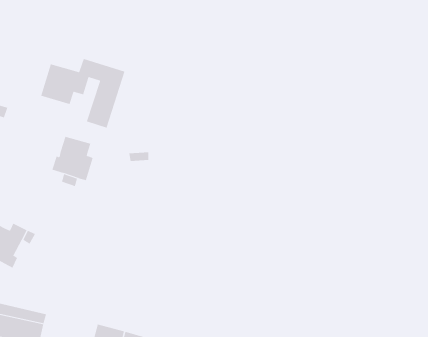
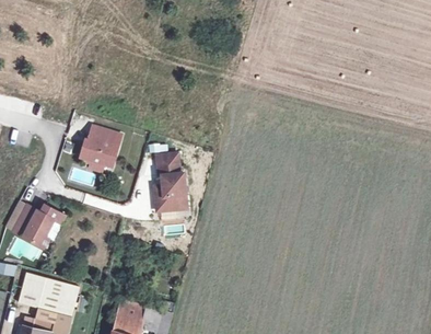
building: [41,58,125,128] -> none
building: none -> [154,153,185,212]

